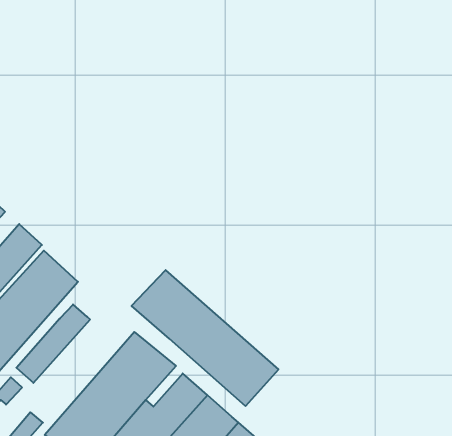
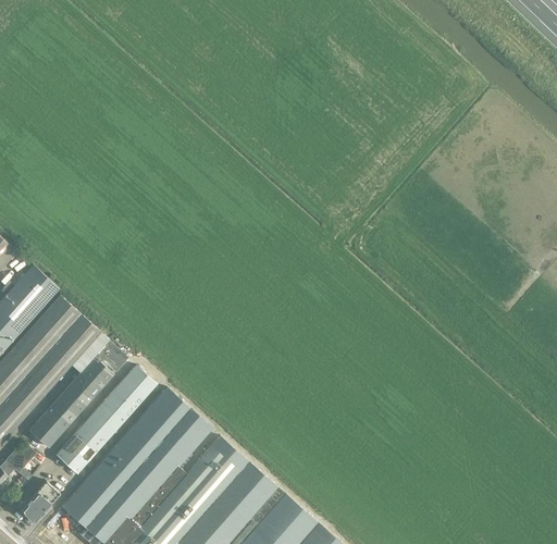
building: [132,270,278,406] -> none
building: none -> [92,341,125,372]
building: none -> [54,364,154,473]

